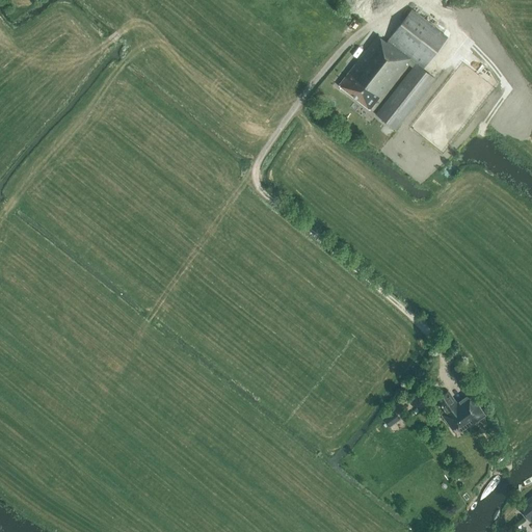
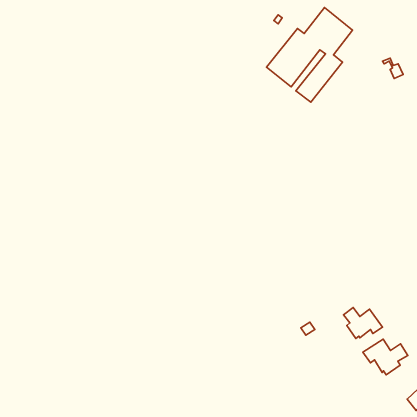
building: none -> [363,339,408,375]

